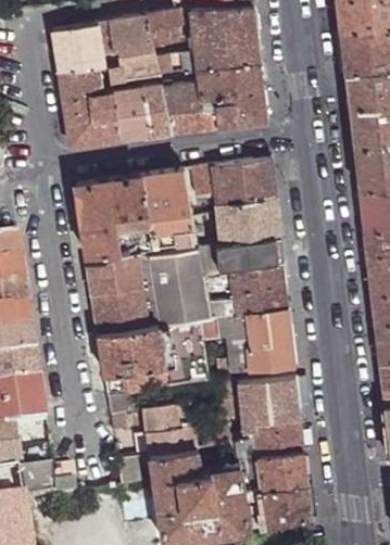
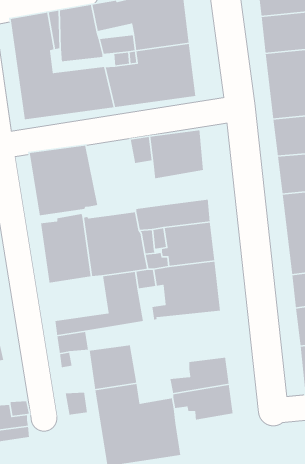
building: [139,169,193,245] -> none
building: [217,205,279,245] -> none
building: [97,326,164,377] -> none
building: [201,376,299,447] -> none
building: [242,483,311,531] -> none

